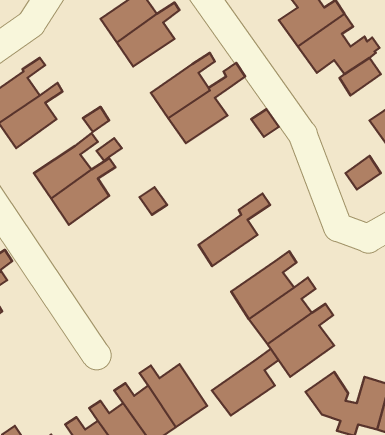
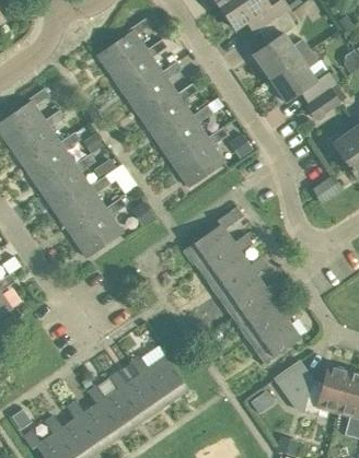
building: none -> [126,60,183,118]
building: none -> [172,127,228,186]
building: none -> [24,131,80,188]
building: none -> [70,197,126,257]
building: [212,349,278,415] -> [195,233,253,291]

